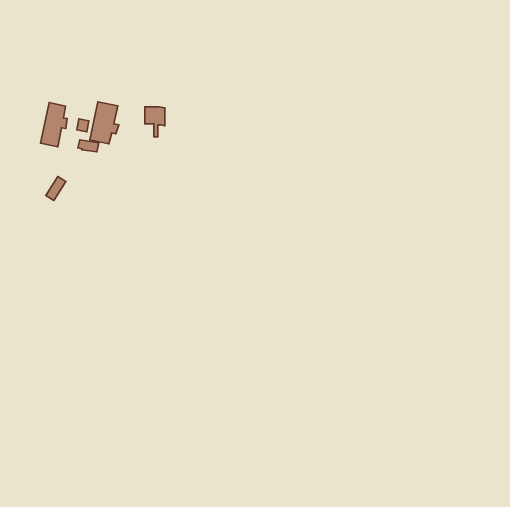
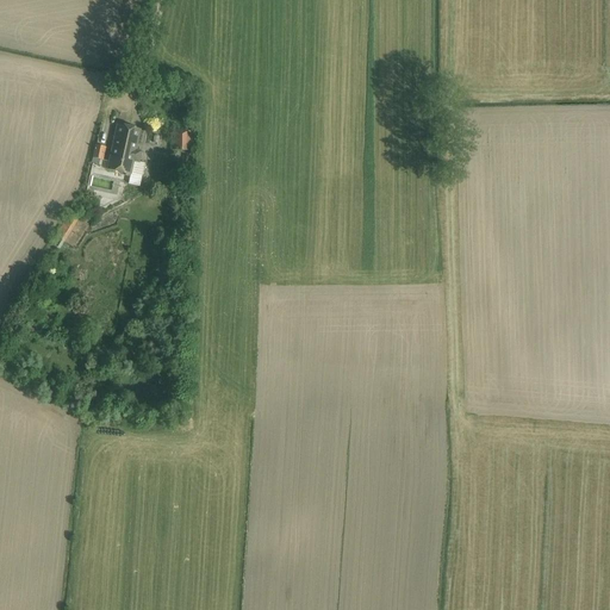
building: [41,103,67,147] -> none

